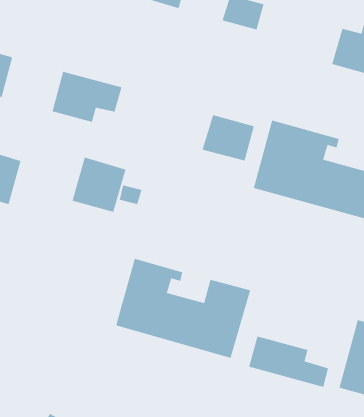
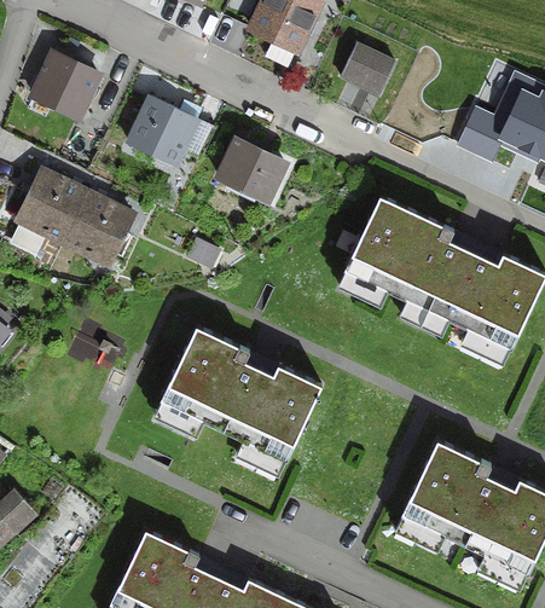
building: [202,114,255,162] -> [219,140,284,201]
building: [72,156,127,213] -> [64,193,133,264]
building: [248,336,329,388] -> none

